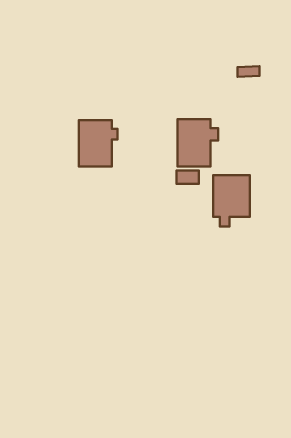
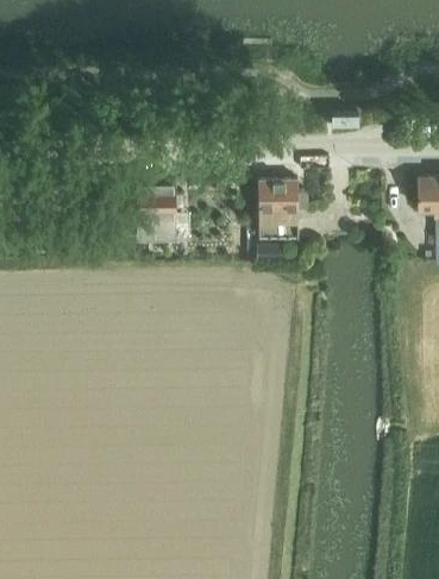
building: [213,175,250,226] -> none

